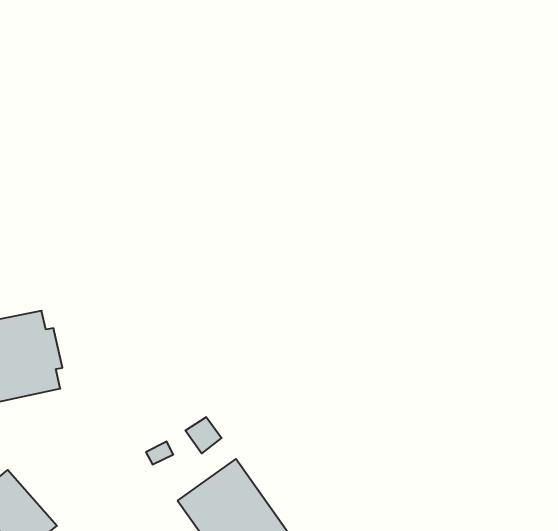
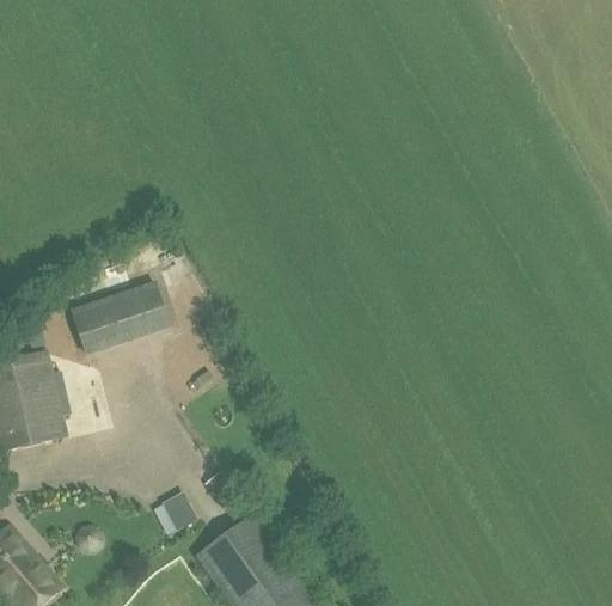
building: none -> [69,281,171,357]

